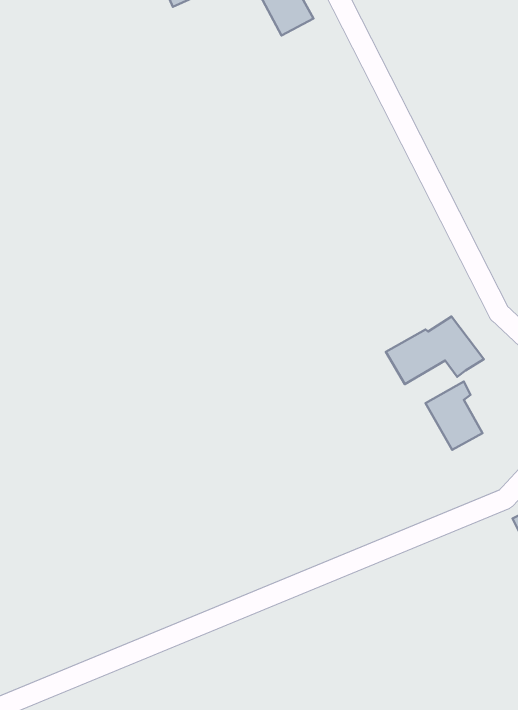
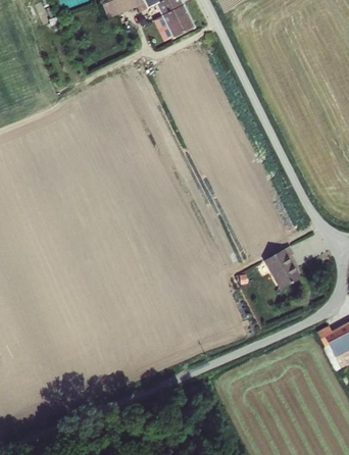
building: [386,317,484,384] -> none

